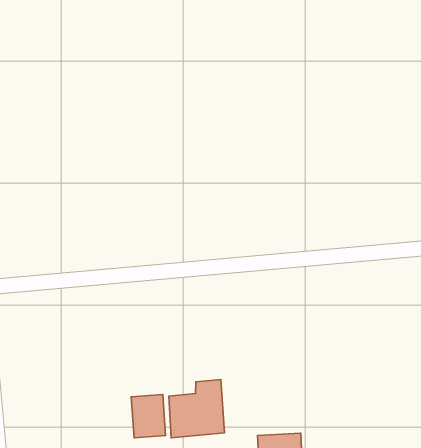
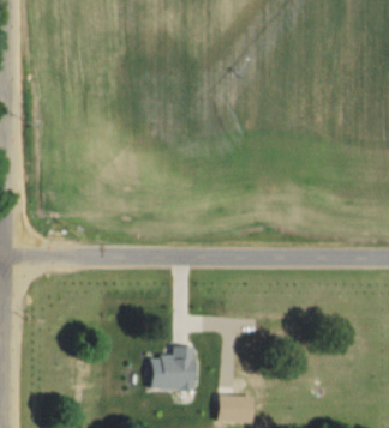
building: [131,394,166,438] -> none

